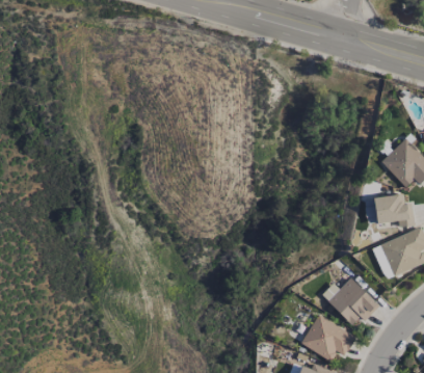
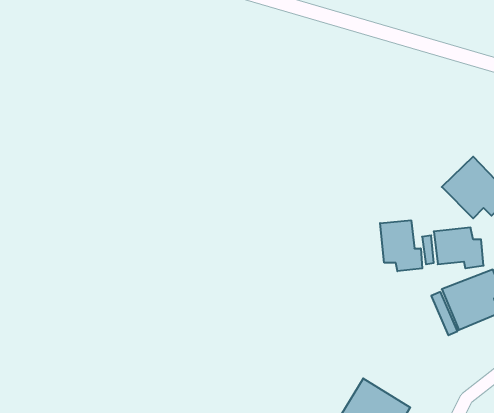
building: none -> [380,220,422,271]
building: [327,278,379,325] -> none

